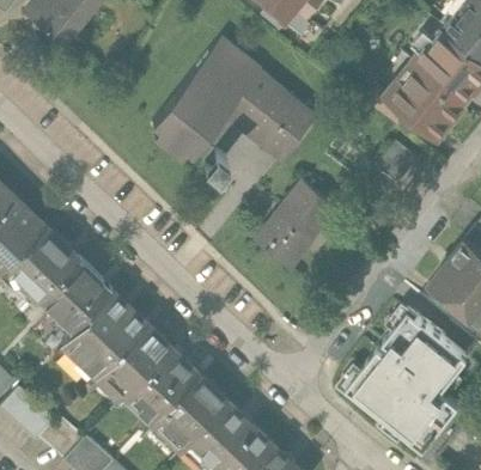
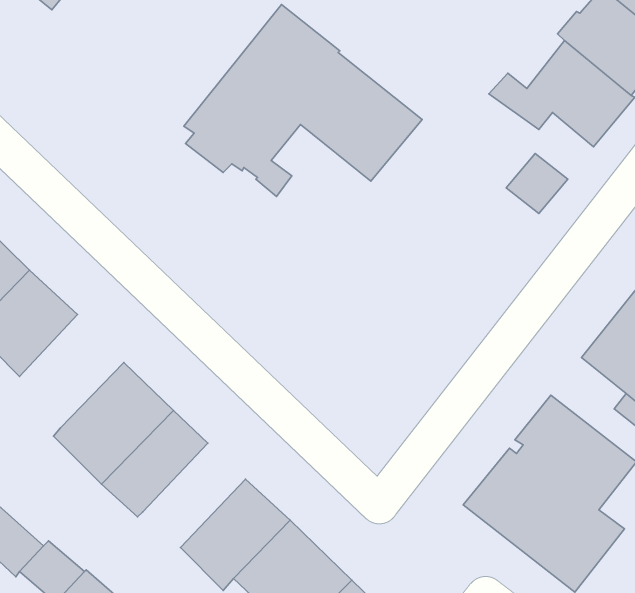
building: [254,183,336,271] -> none
building: [37,256,111,335] -> none
building: [123,346,195,419] -> none

